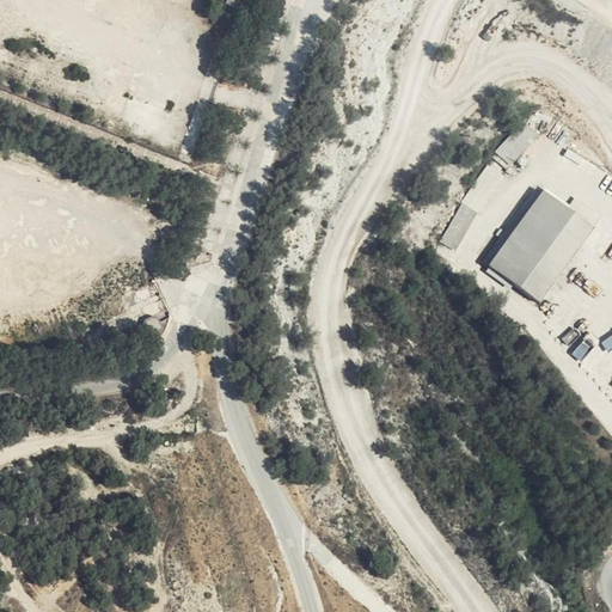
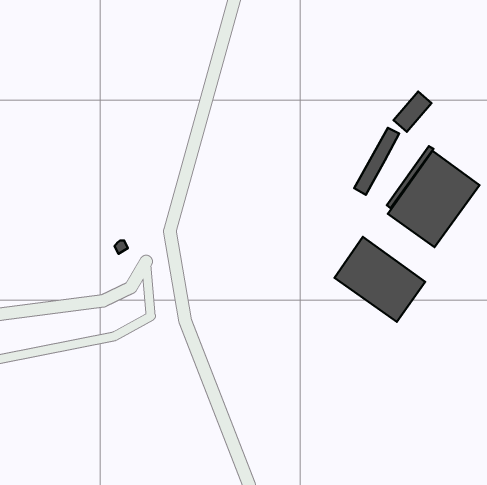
building: none -> [335,237,425,322]

